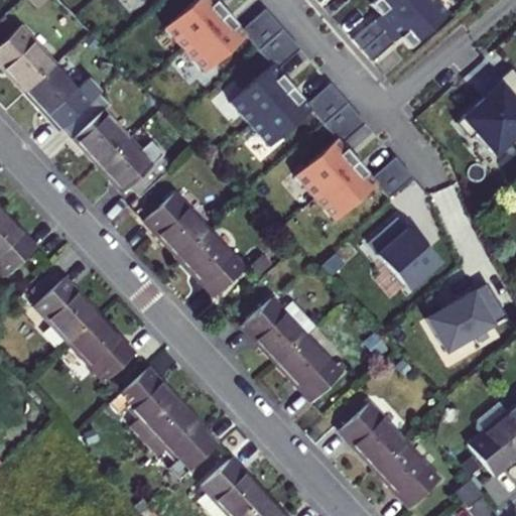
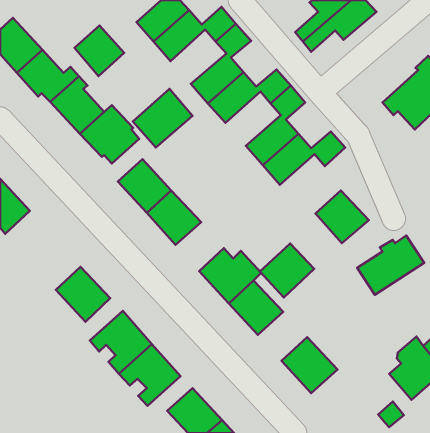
building: none -> [75,26,124,76]
building: none -> [133,89,192,148]
building: [35,278,100,345] -> none
building: none -> [260,243,314,298]
building: [374,439,439,505] -> none

